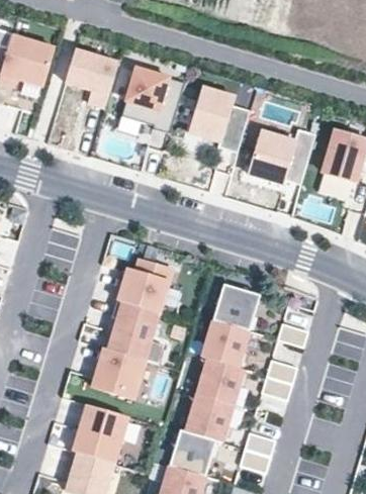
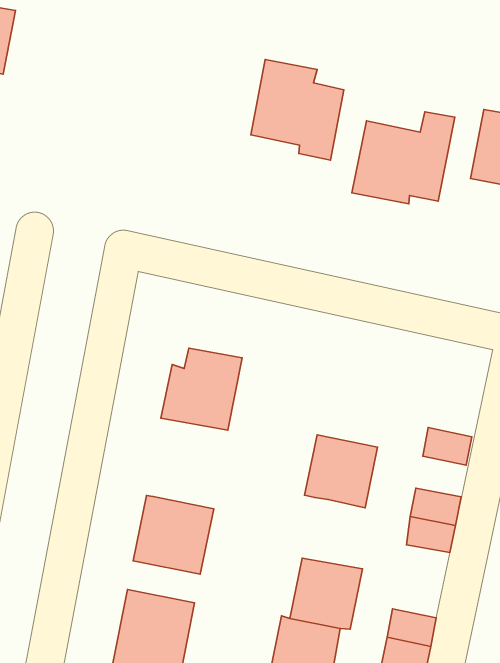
building: [64,54,115,109] -> none
building: [120,68,184,133] -> none
building: [212,284,260,331] -> none
building: [108,300,158,360] -> none
building: [196,359,243,405] -> none

